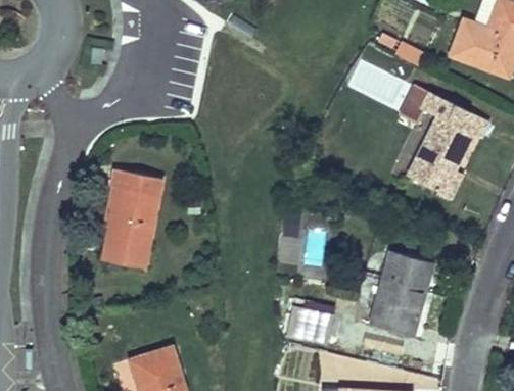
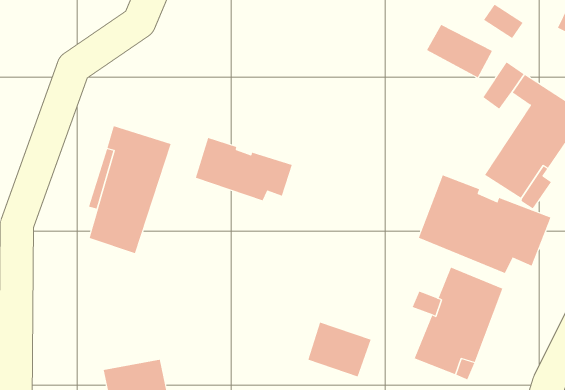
building: none -> [195,137,293,201]
building: none -> [418,174,551,274]

